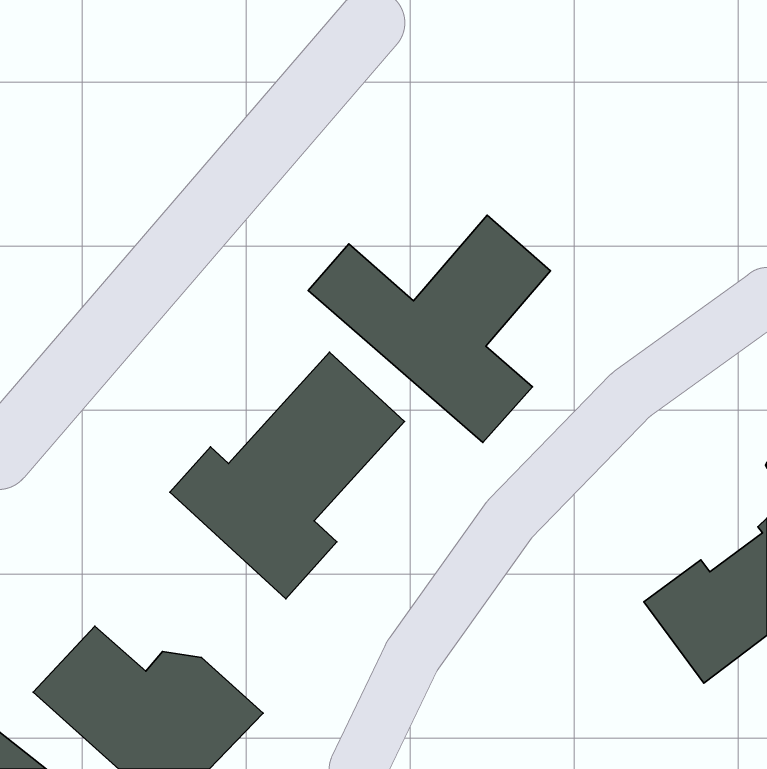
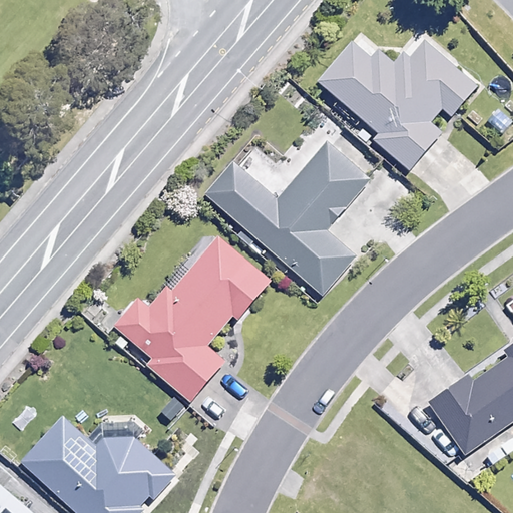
building: none -> [318,40,475,168]

